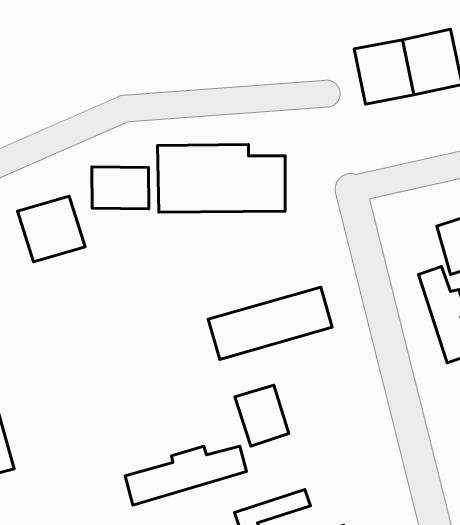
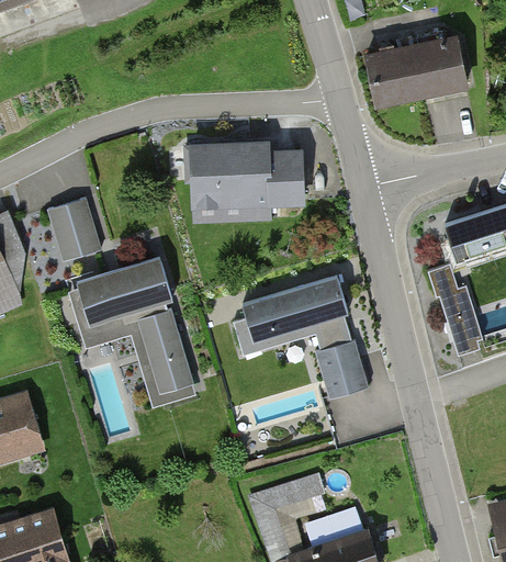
building: [92,167,149,209] -> none
building: none -> [66,258,201,412]
building: [235,385,289,446] -> [315,336,367,394]
building: [125,446,247,505] -> none

